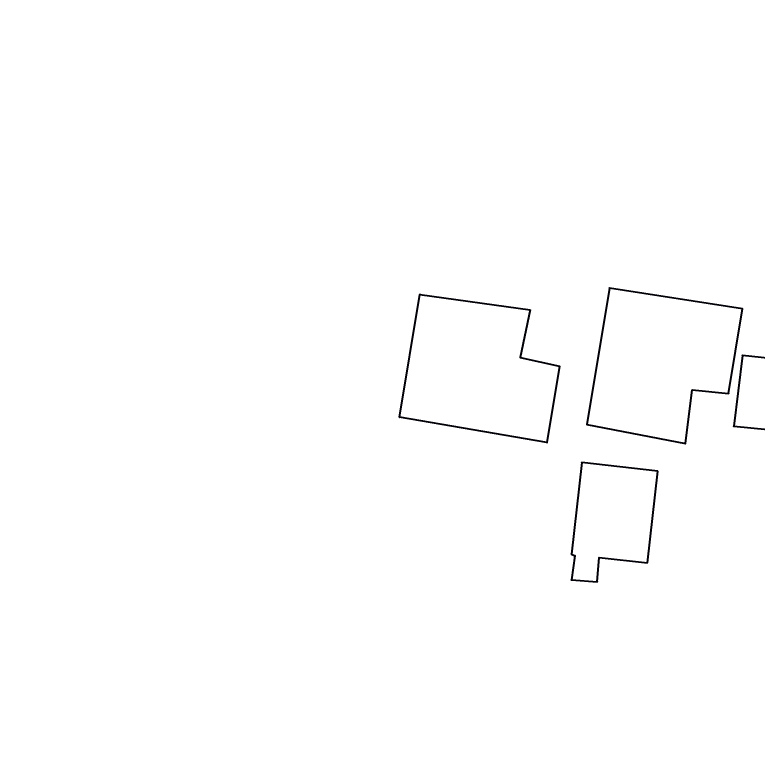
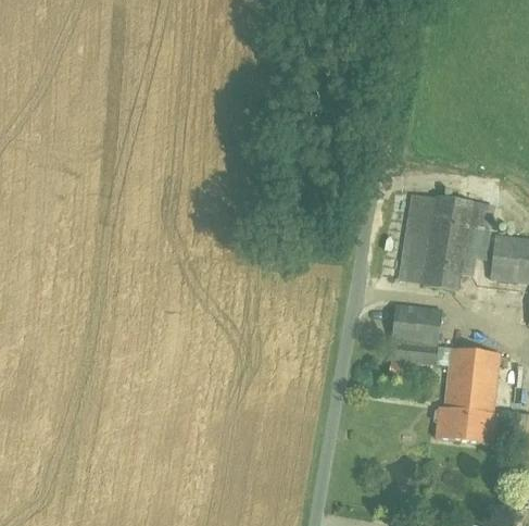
building: [400,294,560,443] -> none
building: none -> [434,347,500,444]

